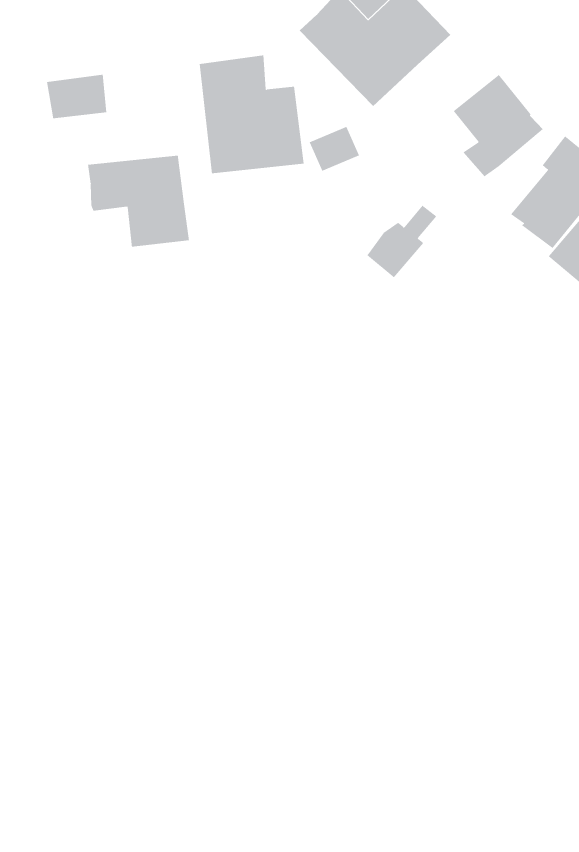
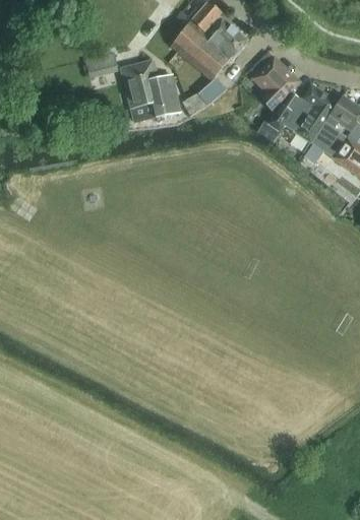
building: [46,74,107,119] -> [85,52,118,77]
building: [88,155,189,247] -> none
building: [367,205,437,278] -> [265,92,299,131]

